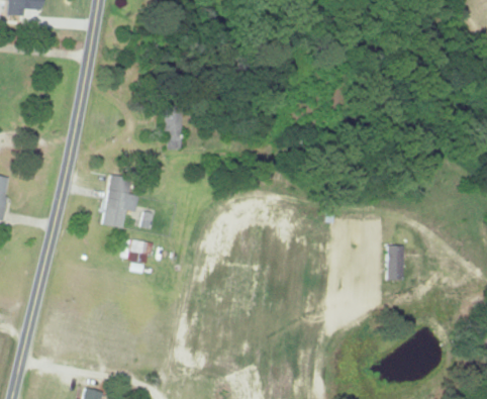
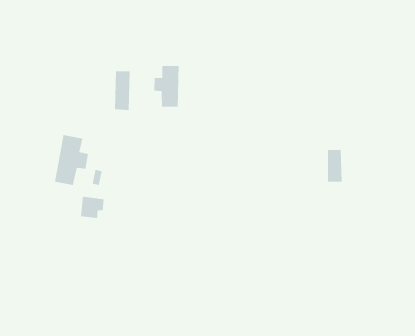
building: none -> [154,65,179,108]
building: [388,245,404,280] -> [327,149,342,182]

